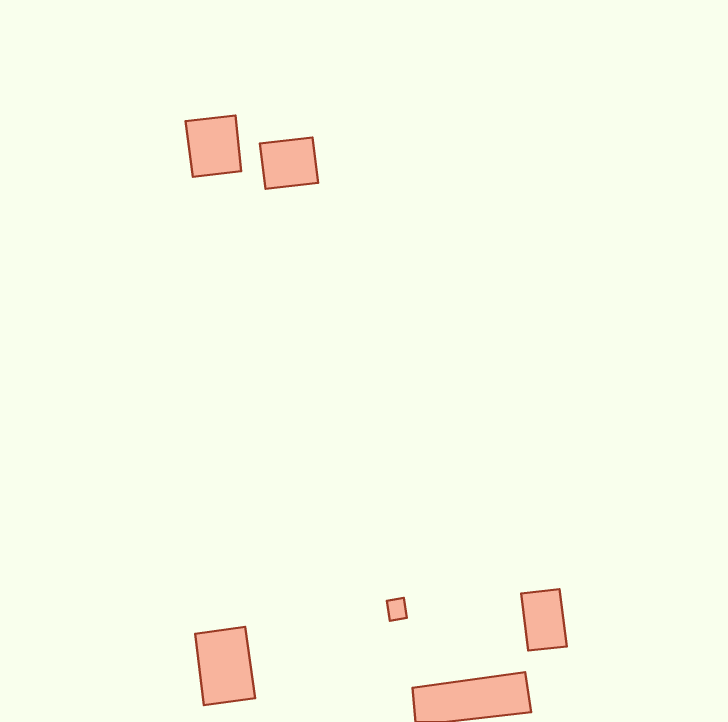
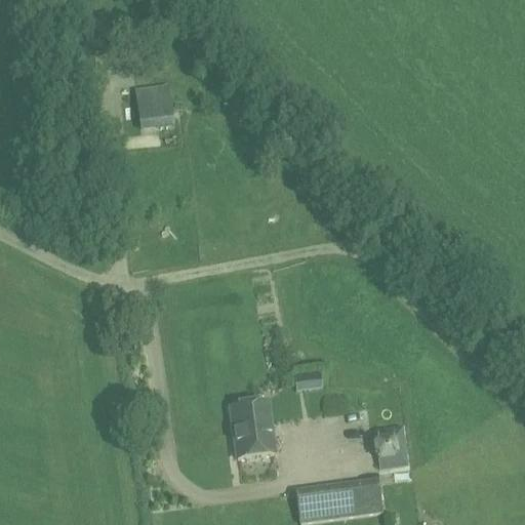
building: [260,137,318,189] -> none
building: [195,627,255,705] -> [232,401,275,457]

